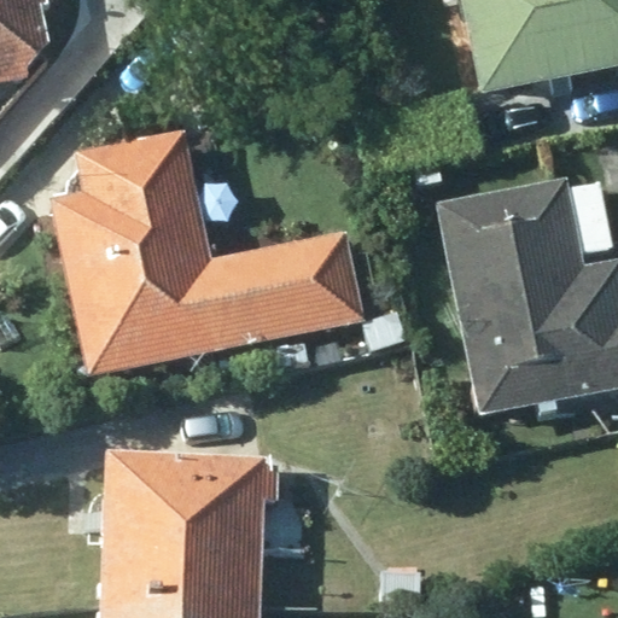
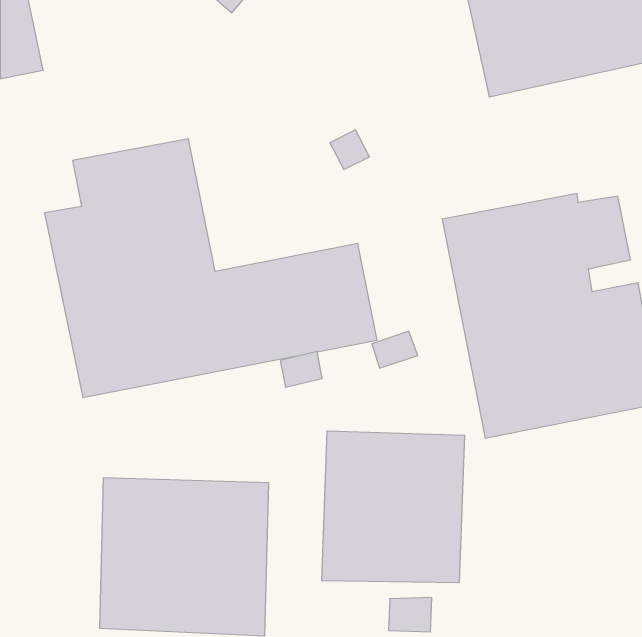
building: none -> [322,431,465,583]

